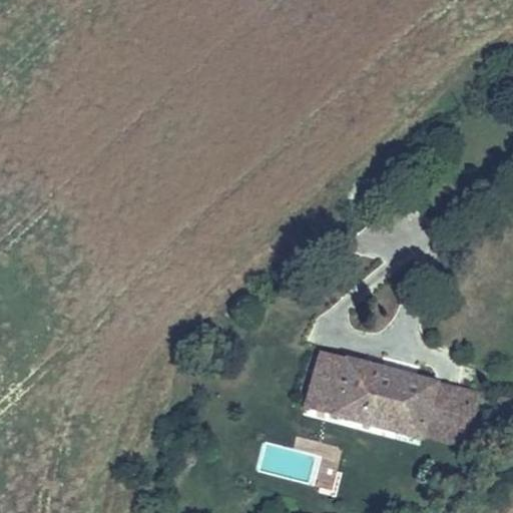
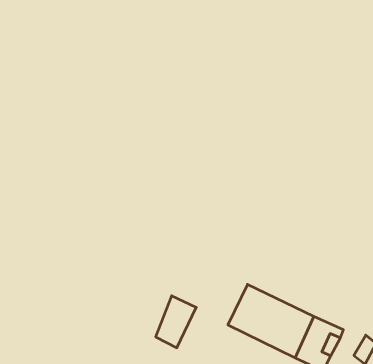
building: [308,349,350,409] -> [156,296,196,348]

